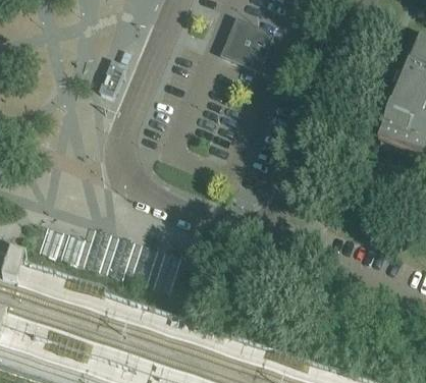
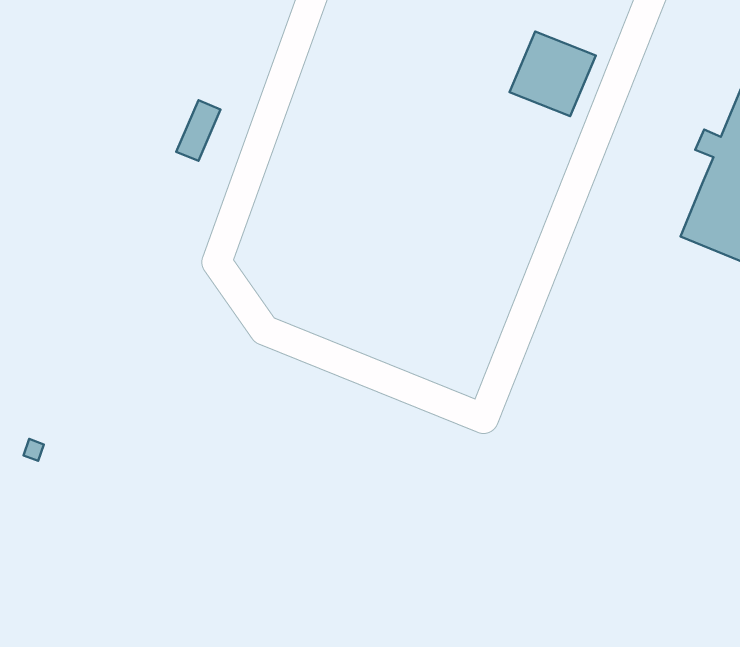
building: [223,19,271,66] -> [509,32,596,116]

